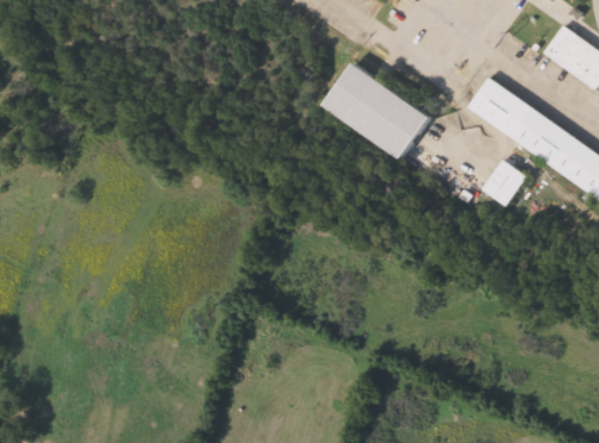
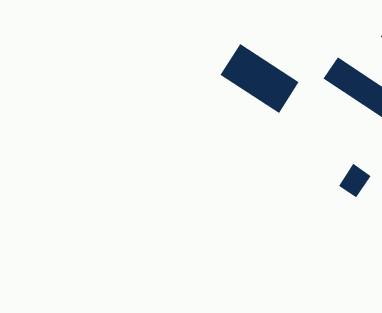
building: [482,157,528,205] -> [338,163,371,198]

